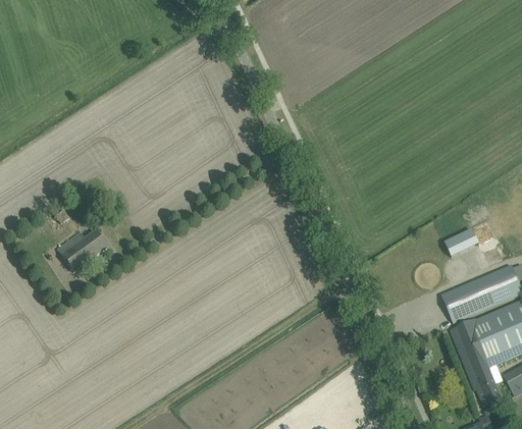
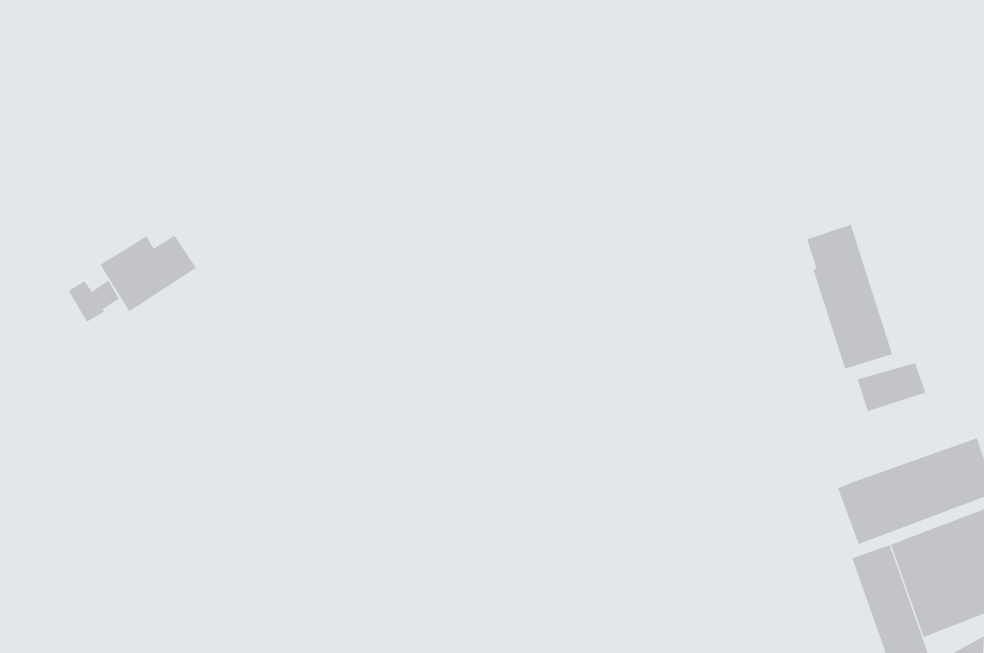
building: none -> [806,224,893,370]
building: [57,230,107,271] -> [99,235,197,312]

